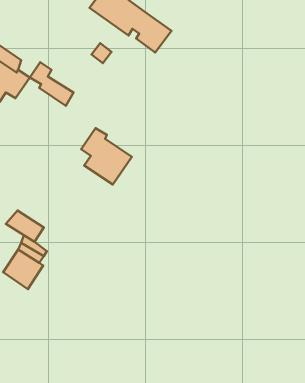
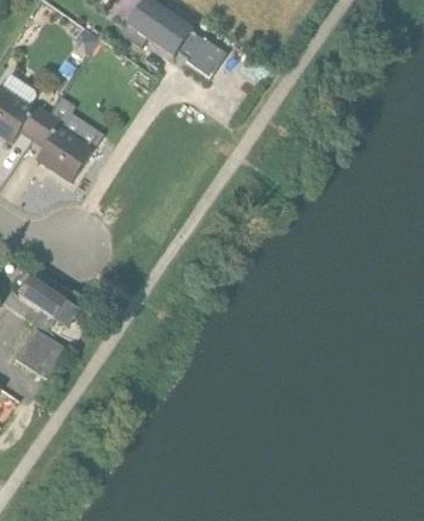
building: [81,128,132,184] -> [31,111,94,181]

